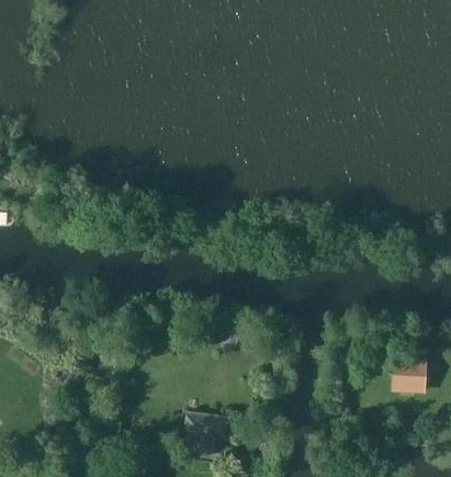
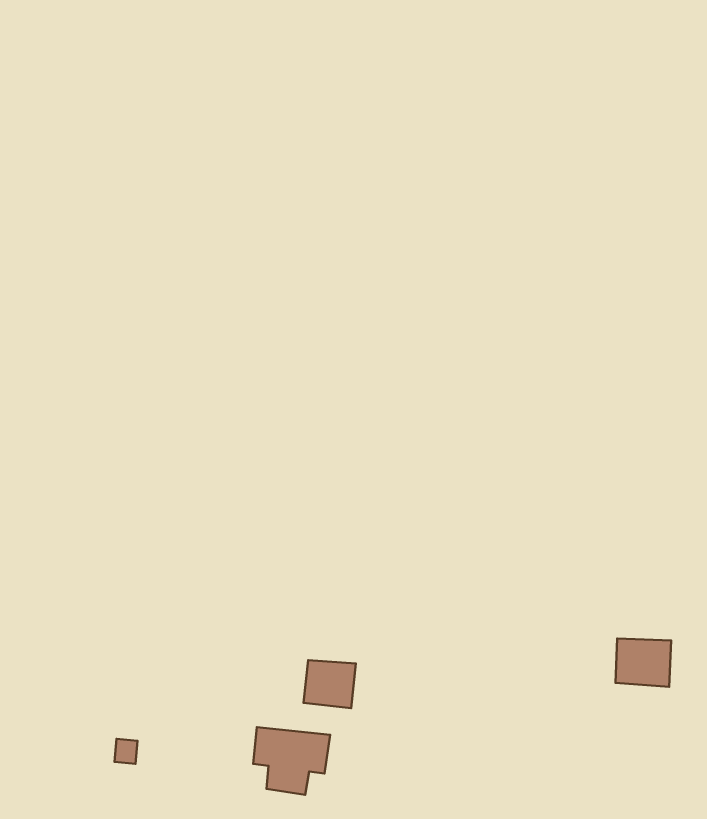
building: none -> [304,660,356,708]

